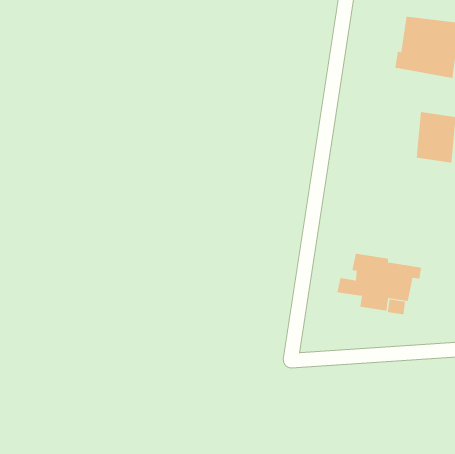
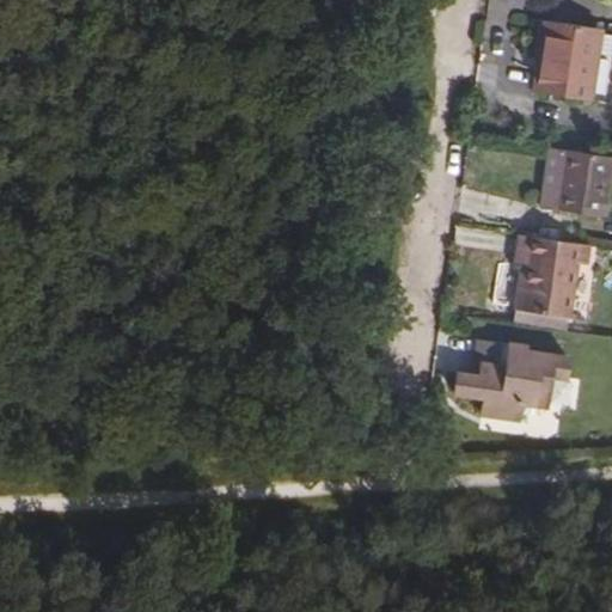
building: none -> [512,234,587,314]

